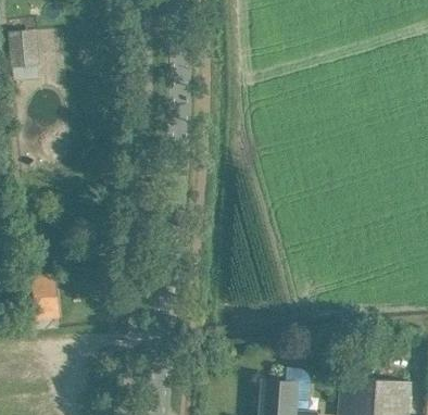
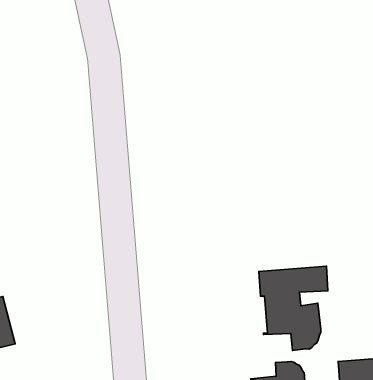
building: none -> [259,266,328,350]

